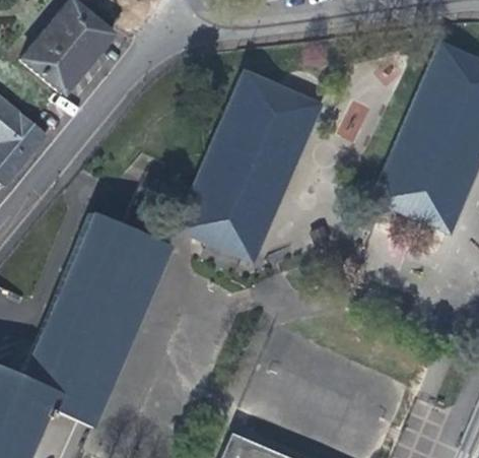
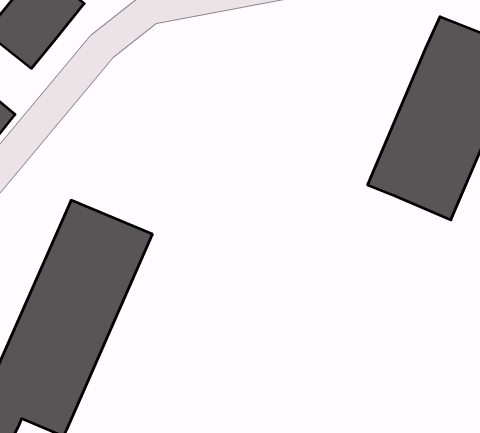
building: [178,72,320,260] -> none

